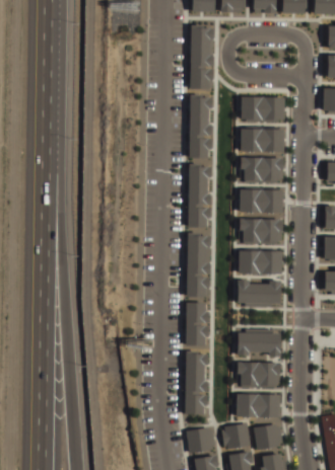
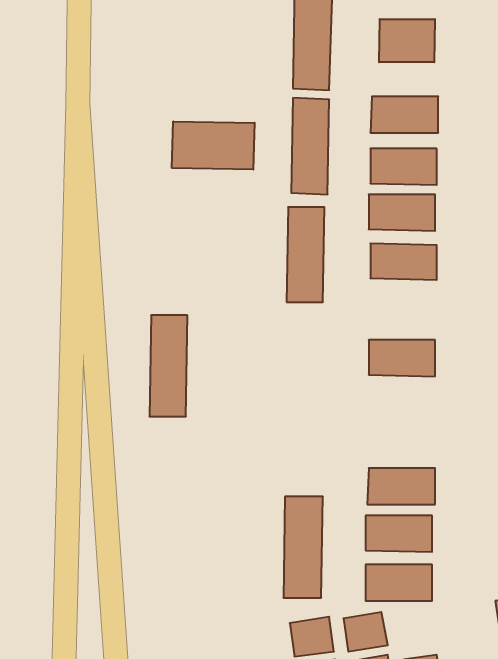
building: none -> [379,19,435,62]
building: none -> [172,121,255,170]
building: [240,218,282,241] -> none
building: [187,233,211,298] -> [149,315,187,416]
building: [238,280,280,303] -> none
building: [186,303,209,344] -> none
building: [254,422,282,448] -> none

